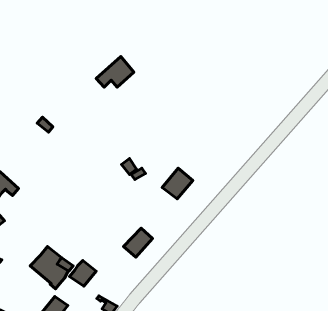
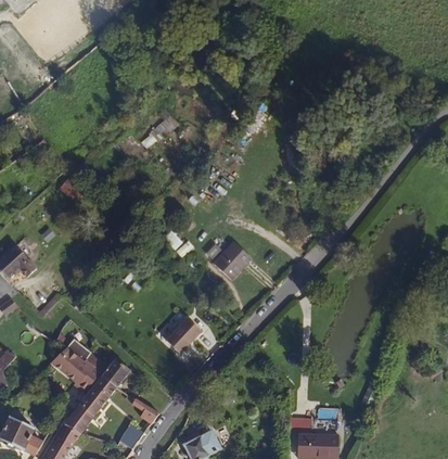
building: none -> [80,377,116,412]

